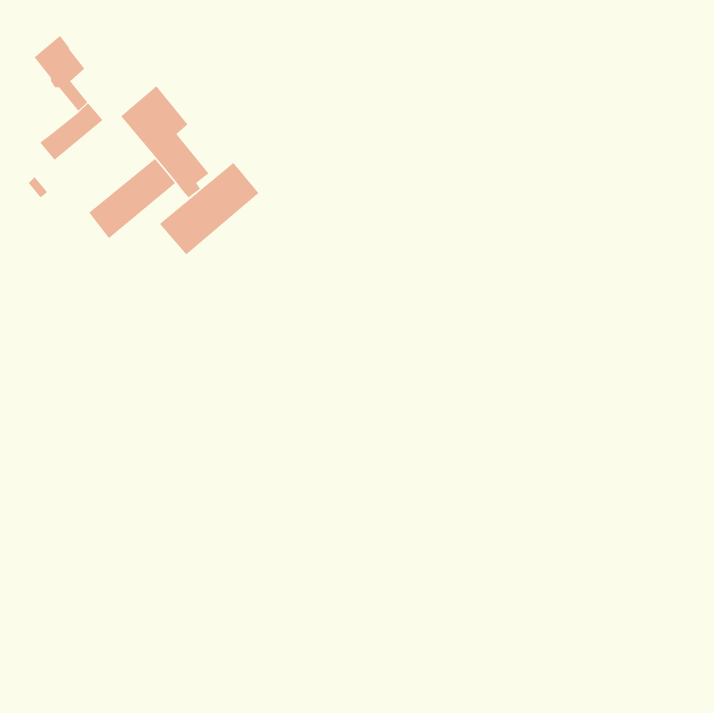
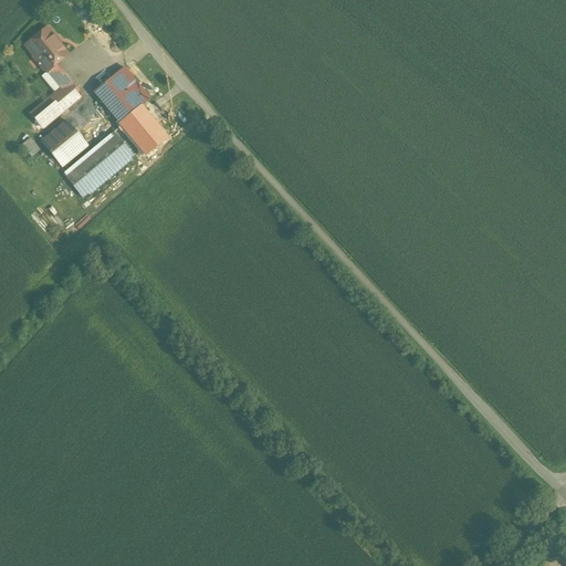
building: none -> [43,122,84,161]
building: [159,162,259,256] -> none

